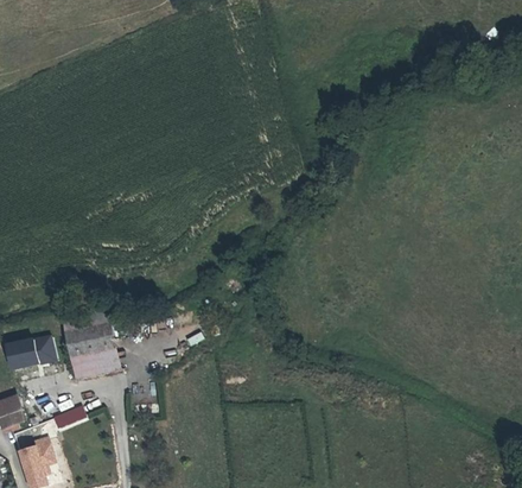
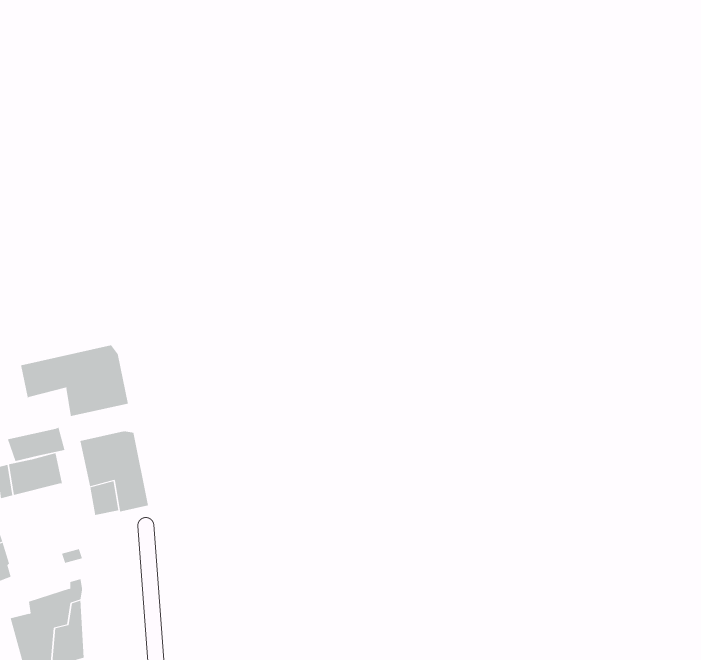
building: none -> [21,344,128,417]
building: none -> [7,427,65,462]

